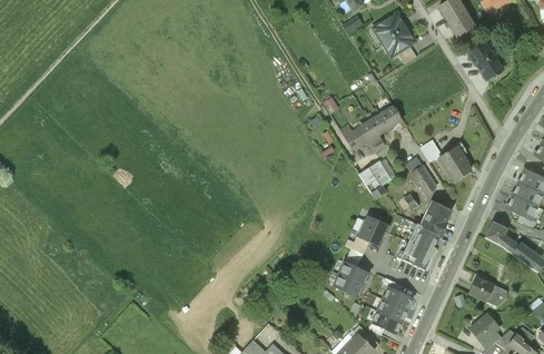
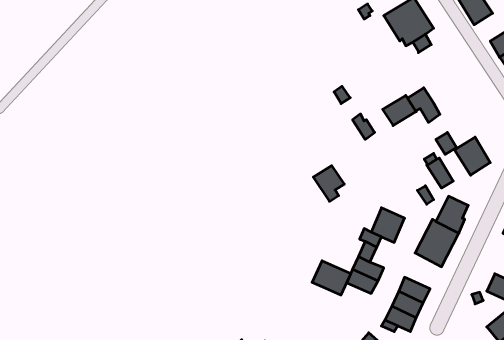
building: [354,118,385,151] -> [408,88,440,122]
building: [360,161,390,196] -> [313,166,344,201]
building: none -> [312,261,351,295]

